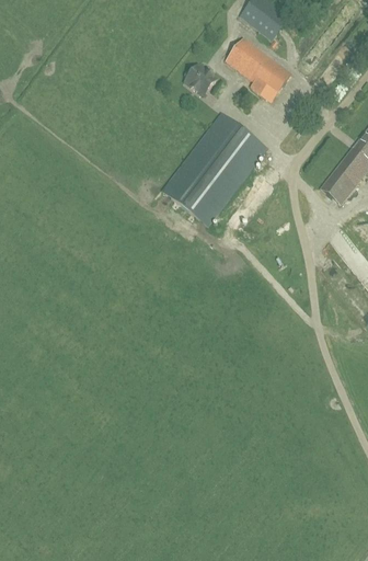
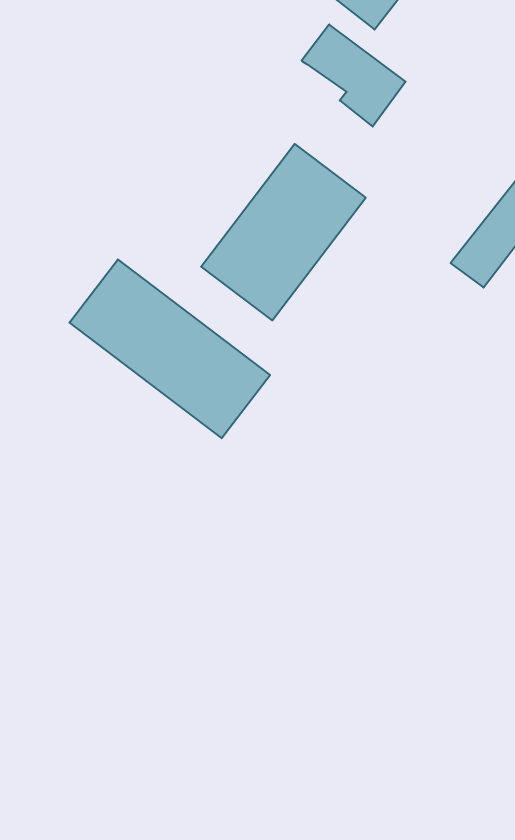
building: [184,64,216,95] -> none
building: none -> [69,259,270,438]

